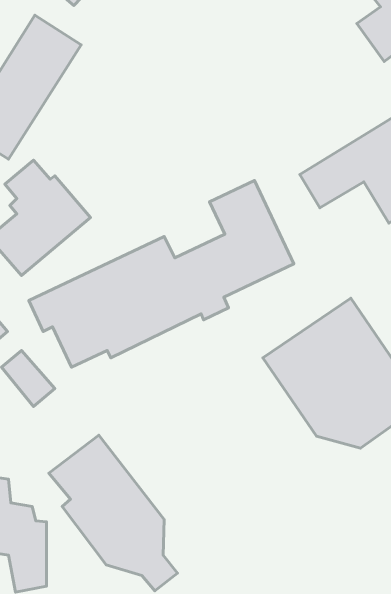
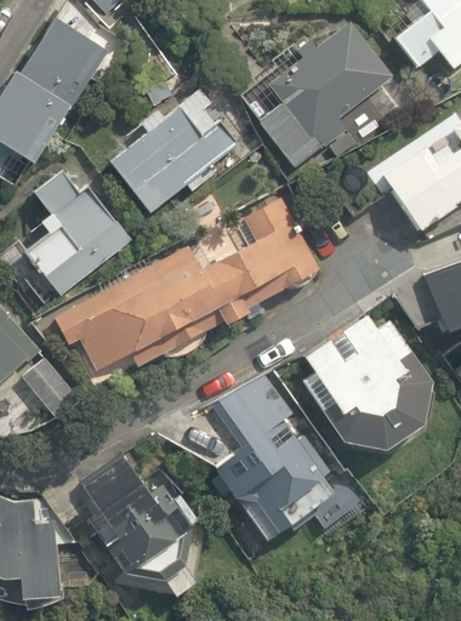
building: none -> [239,19,399,177]
building: none -> [108,102,232,206]
building: none -> [212,372,349,552]

